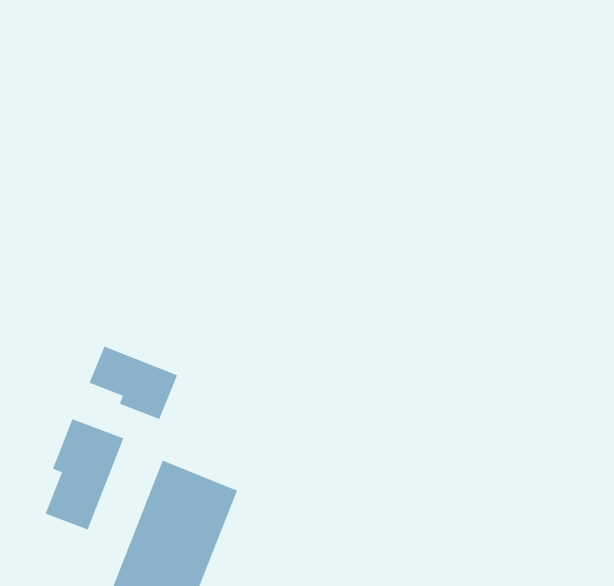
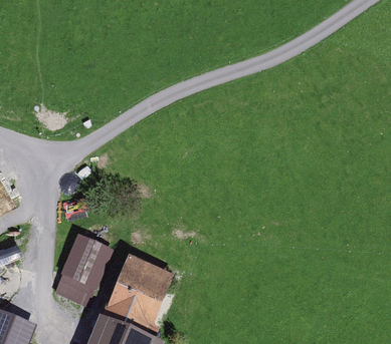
building: [89,346,178,420] -> none

